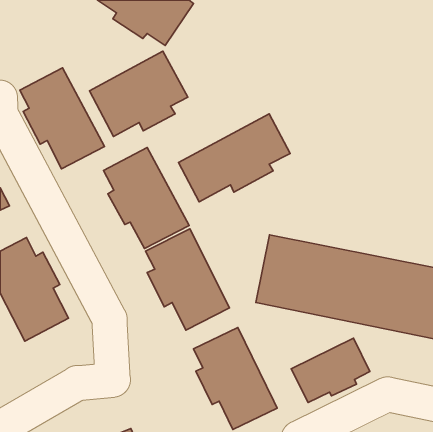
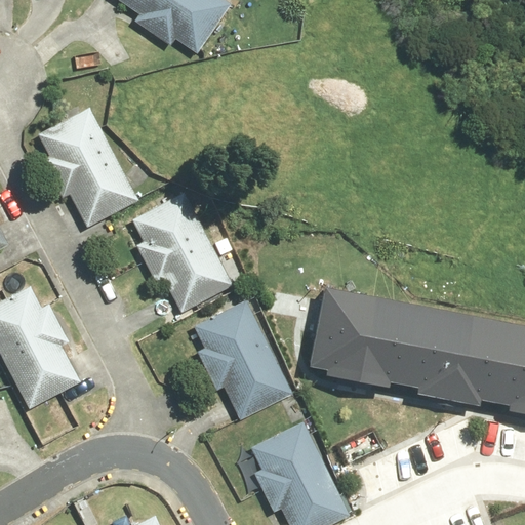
building: [90,51,188,136] -> none
building: [178,114,290,202] -> none
building: [291,338,370,402] -> none

